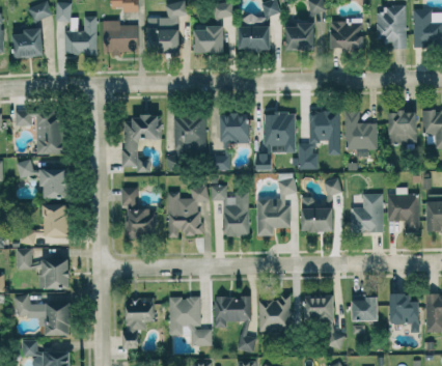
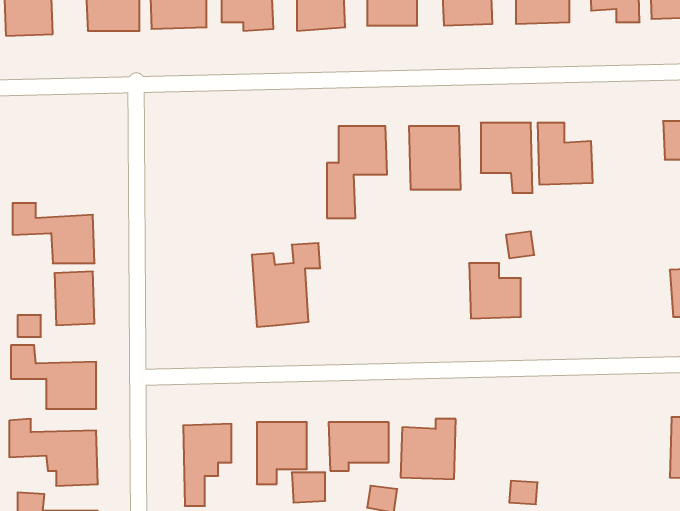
building: [15,110,65,154] -> none
building: [388,112,417,143] -> none
building: [122,116,160,172] -> none
building: [174,116,206,158] -> none
building: [298,144,317,169] -> none
building: [256,179,296,236] -> none
building: [211,185,249,235] -> none
building: [121,187,154,236] -> none
building: [350,194,383,232] -> none
building: [387,194,419,233] -> none
building: [389,293,419,333] -> none
building: [352,295,378,320] -> none
building: [304,297,334,322] -> none

